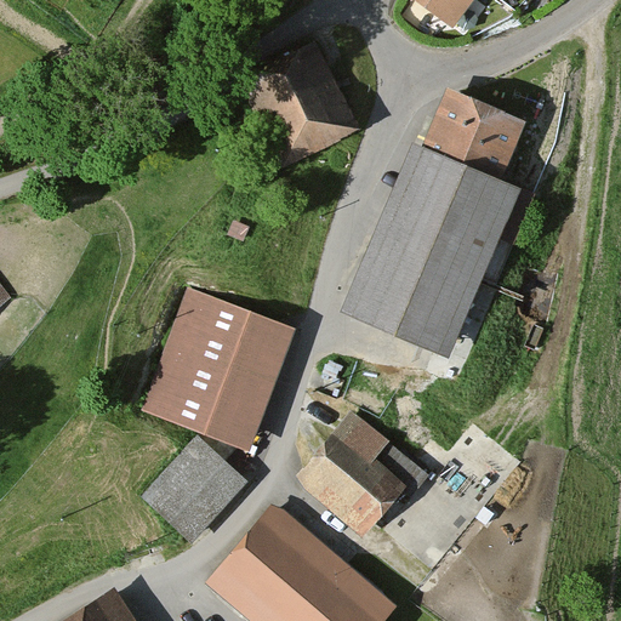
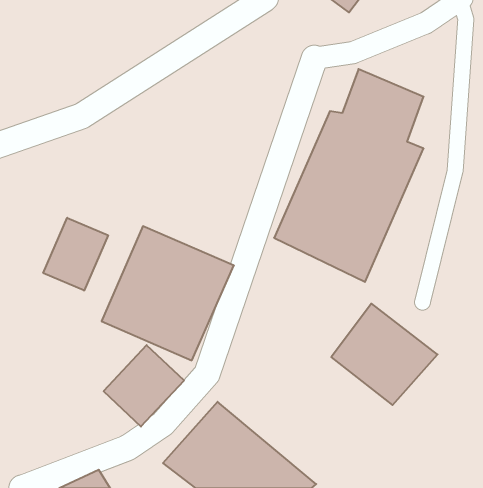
building: [232,40,351,172] -> none
building: none -> [43,218,108,291]
building: [296,409,431,537] -> [331,304,438,405]

